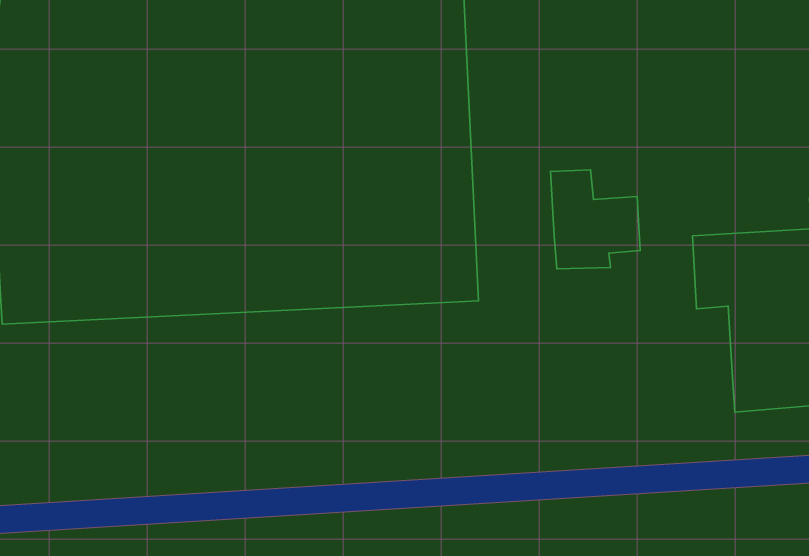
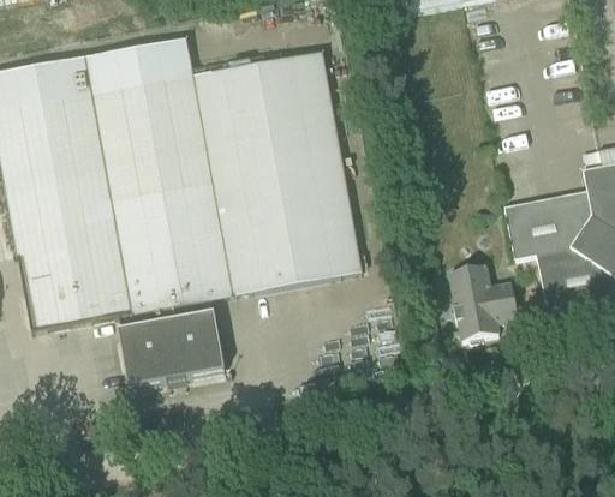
building: [551,170,640,269] -> [448,265,518,337]
building: none -> [118,311,223,387]

